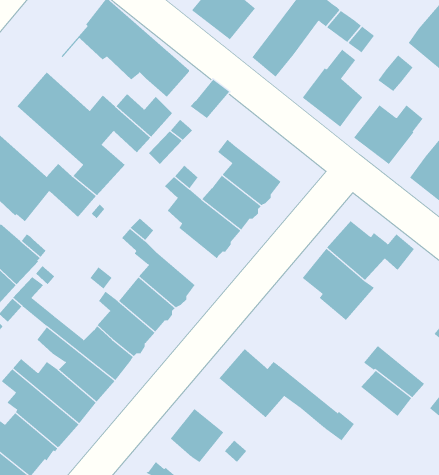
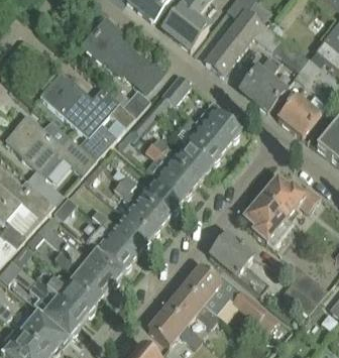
building: none -> [195,102,241,148]
building: none -> [139,181,182,221]
building: none -> [210,233,269,301]
building: none -> [165,286,220,327]

